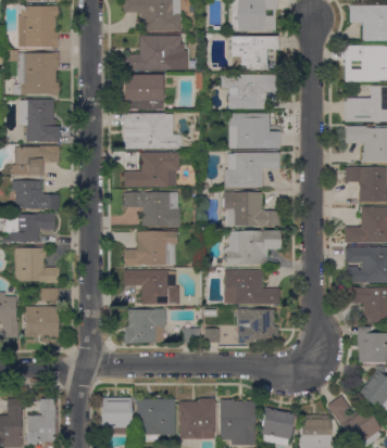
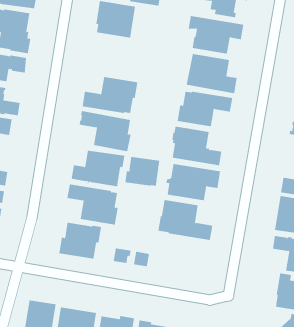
building: [123,114,182,149] -> none
building: none -> [125,156,160,187]
building: [237,309,279,343] -> none

